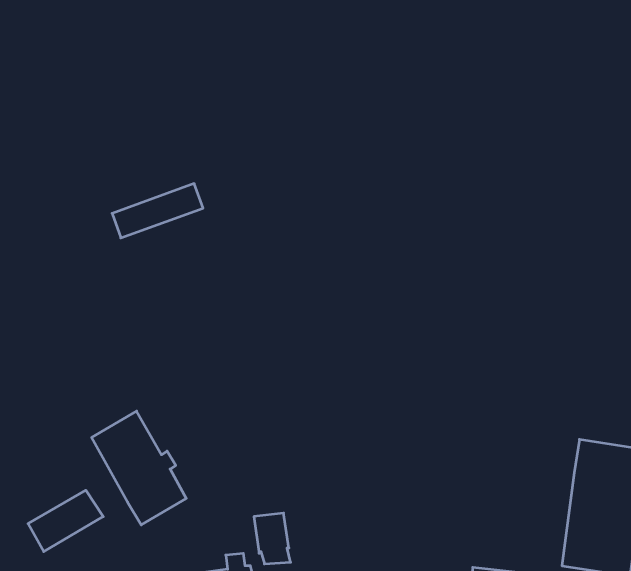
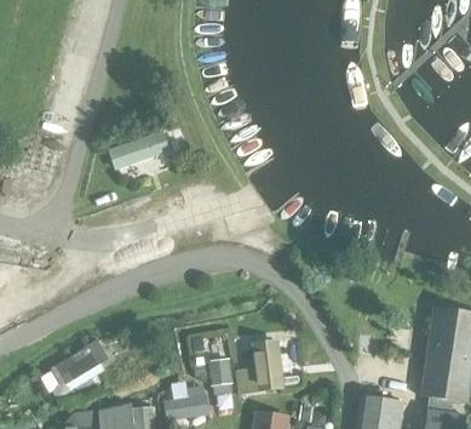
building: [92,411,186,525] -> none
building: none -> [243,341,282,394]

